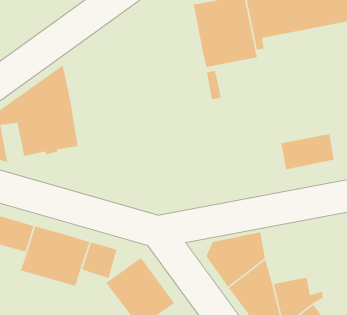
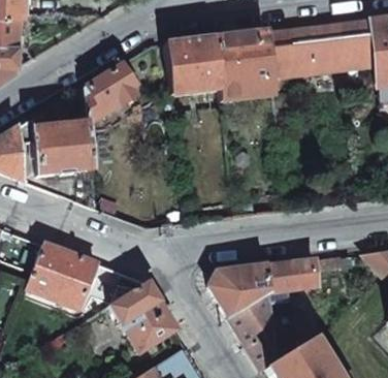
building: none -> [167,38,222,95]
building: none -> [85,62,141,123]
building: [280,133,334,170] -> [266,259,318,292]

